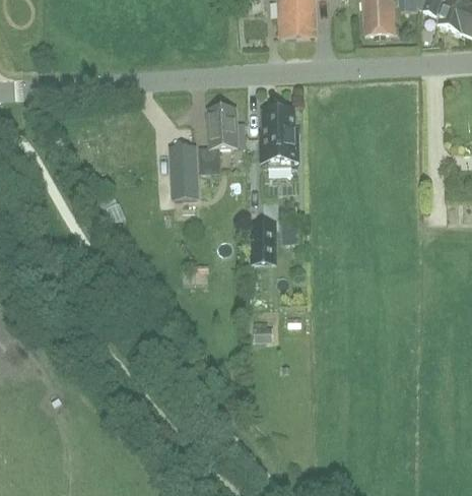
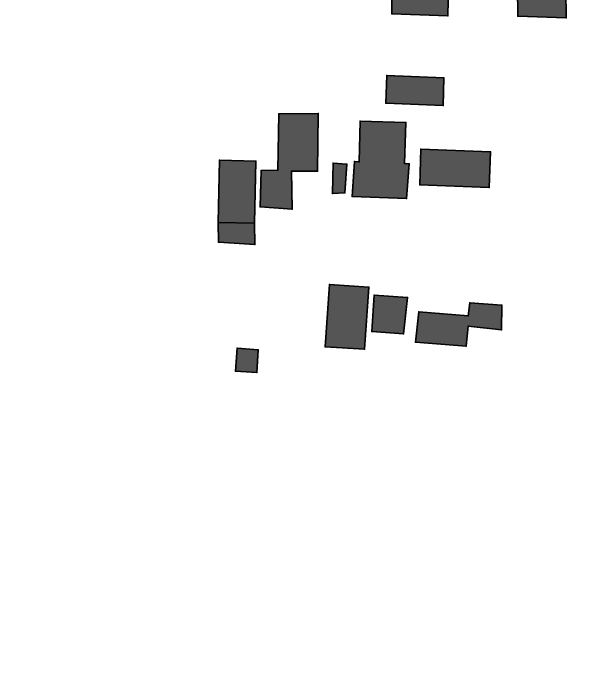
building: none -> [386,75,444,105]
building: none -> [420,149,490,187]
building: none -> [416,303,502,346]

